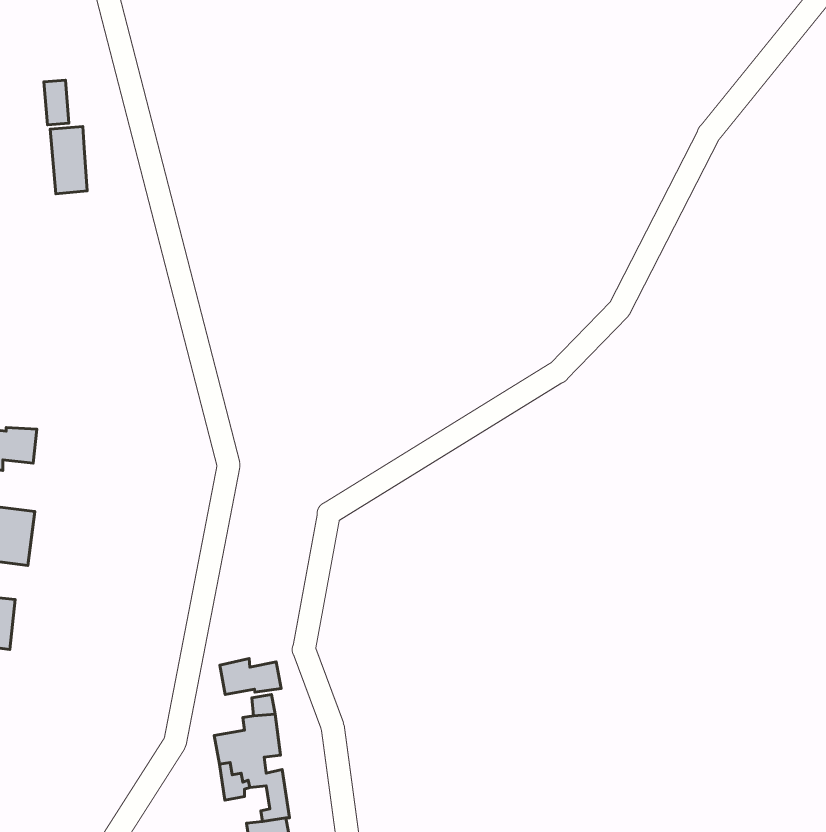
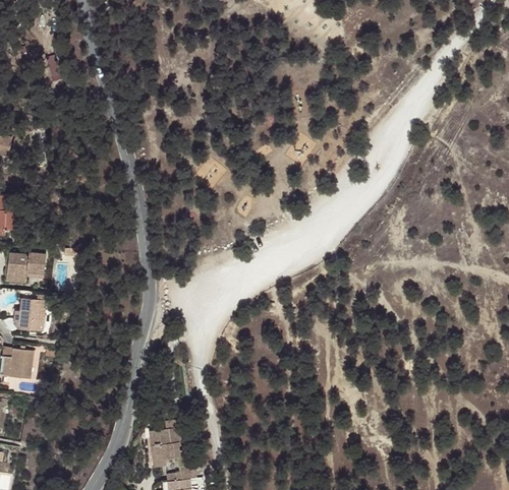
building: [50,126,87,194] -> none
building: [220,659,281,695] -> none

